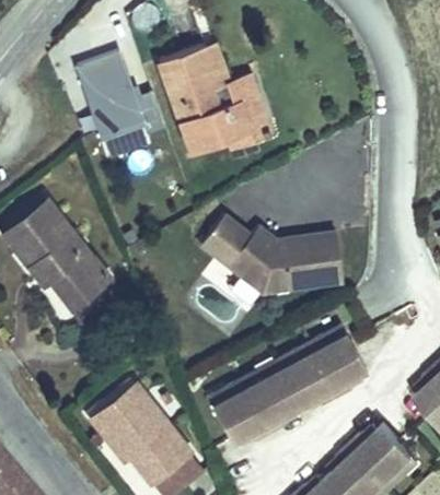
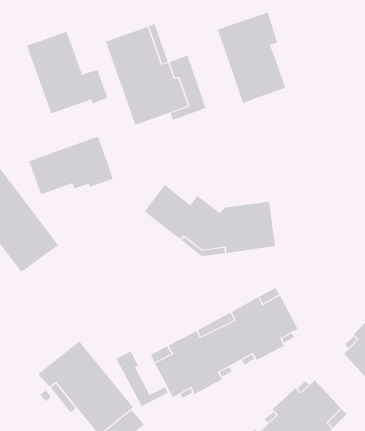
building: none -> [217,11,286,104]
building: none -> [28,136,114,195]
building: none -> [115,350,169,407]

